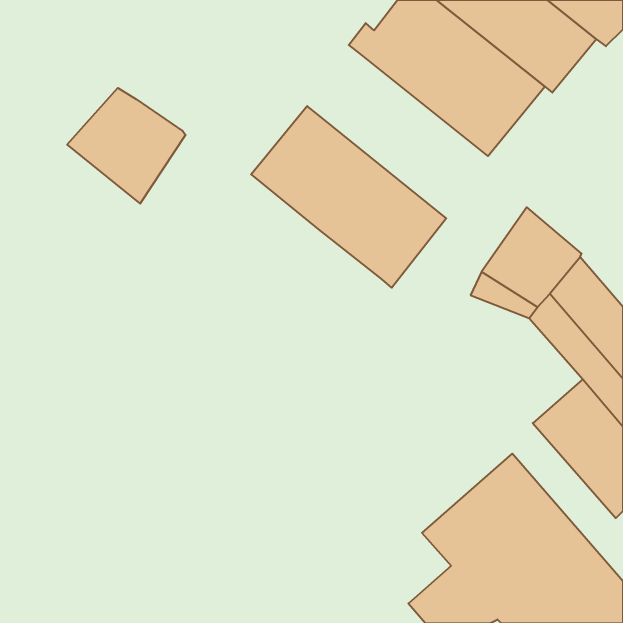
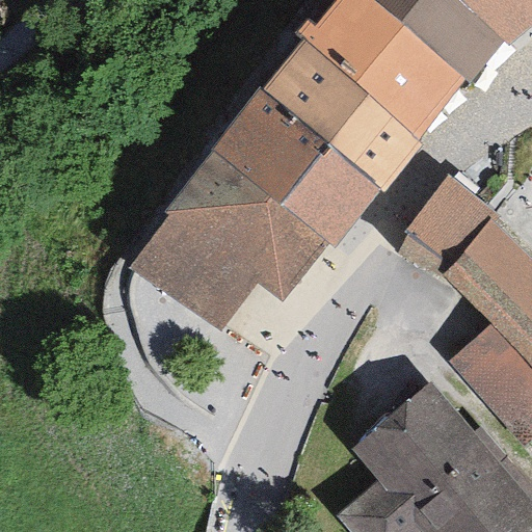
building: none -> [267,46,421,186]
building: [67,88,186,204] -> none
building: none -> [139,149,325,327]

